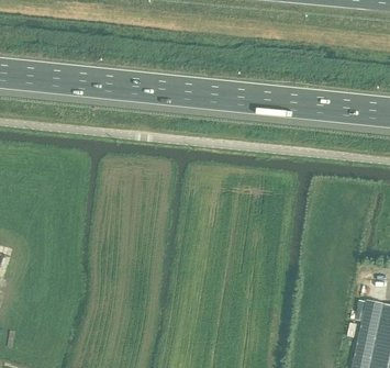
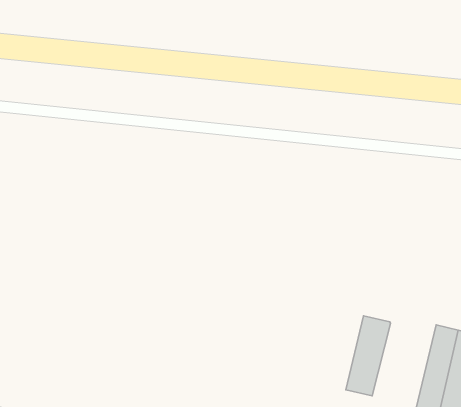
building: none -> [346,316,391,396]

